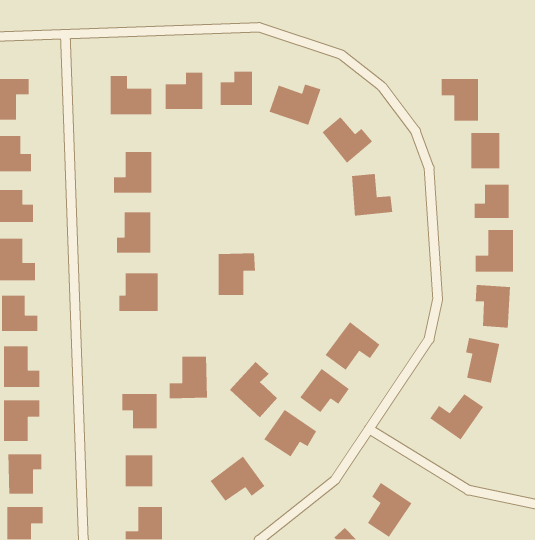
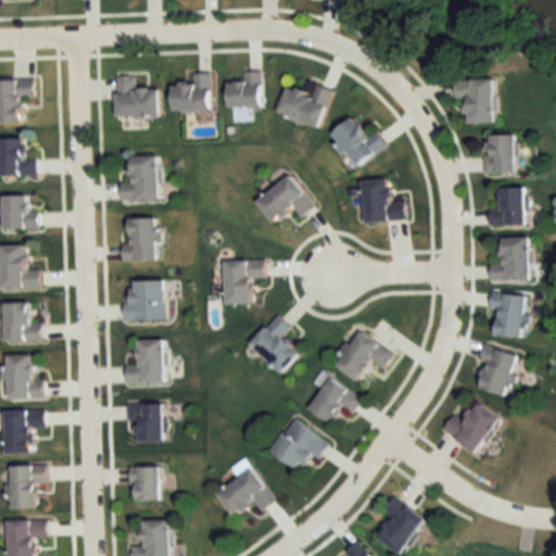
building: none -> [253,174,312,222]
building: [169,356,208,399] -> [123,339,163,383]
building: [229,361,278,418] -> [248,315,298,374]

